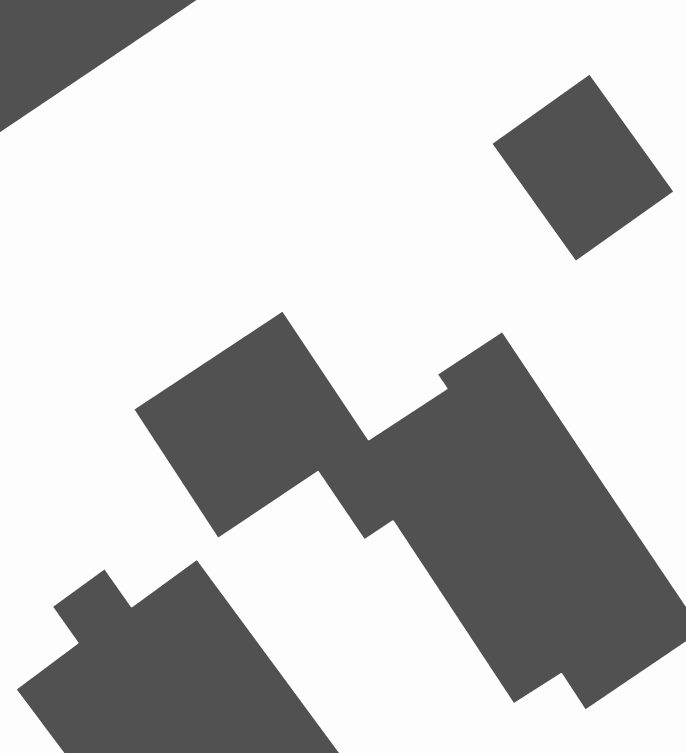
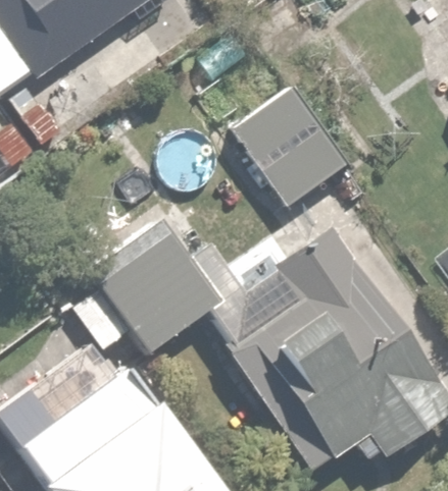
building: [491,74,674,262] -> [230,86,347,206]

